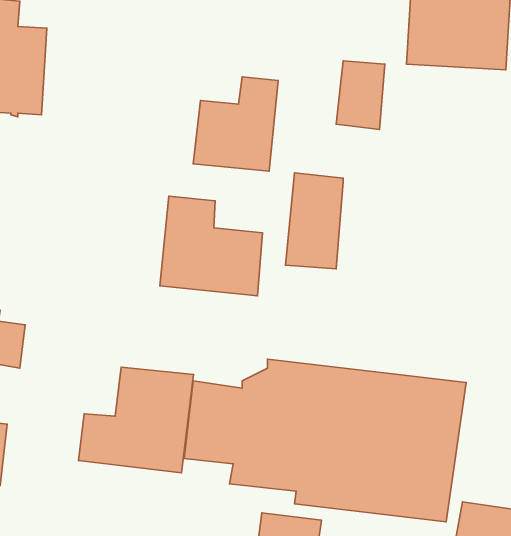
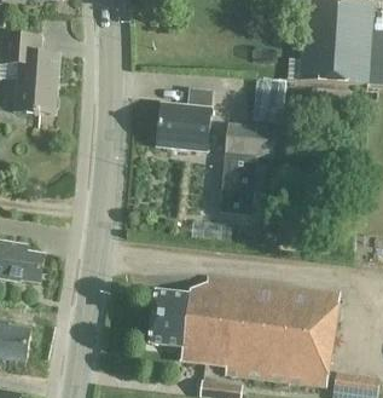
building: none -> [225,122,277,158]
building: [160,196,263,296] -> none
building: [79,367,194,473] -> none

